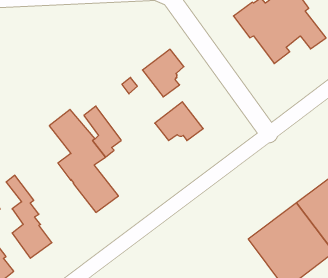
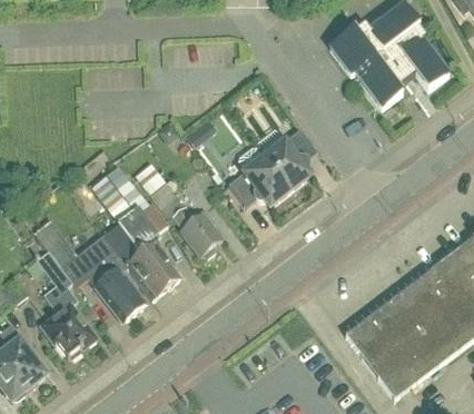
building: [142,49,184,97] -> [263,129,316,190]
building: none -> [171,206,221,257]
building: none -> [34,219,146,322]

